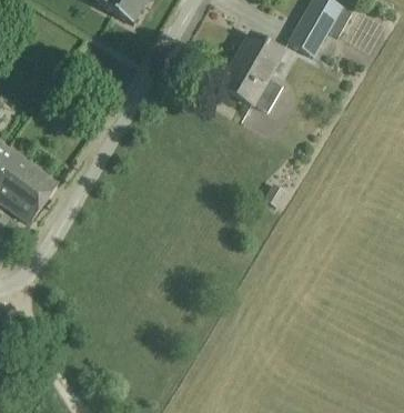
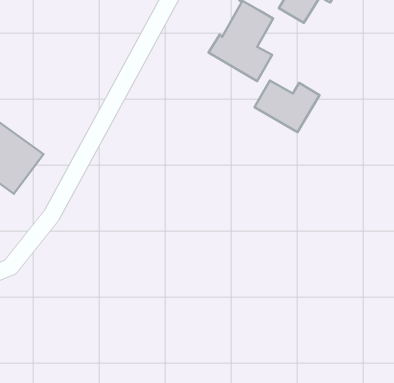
building: none -> [254,81,320,132]

